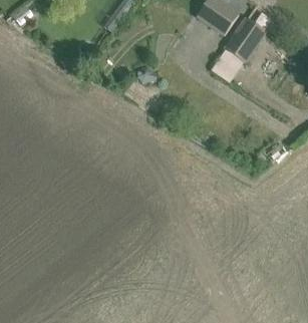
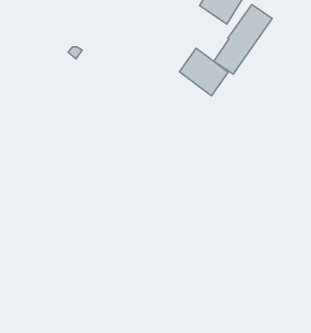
building: none -> [180,48,228,96]

